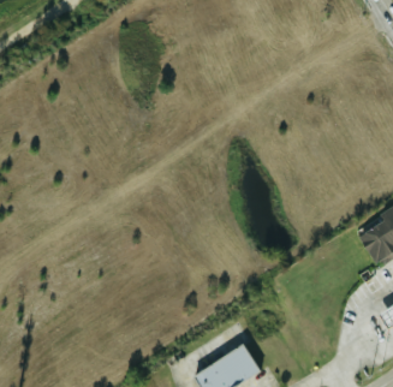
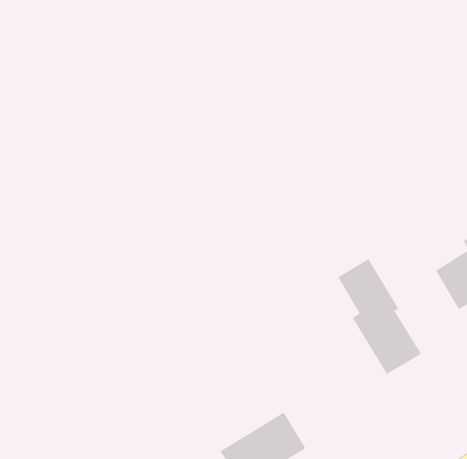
building: none -> [338,258,422,375]

